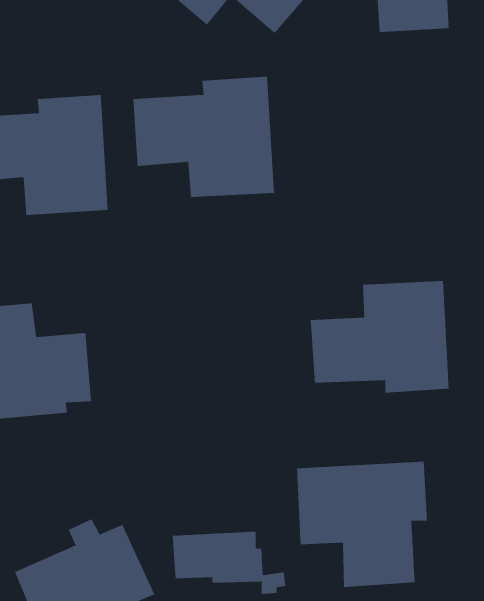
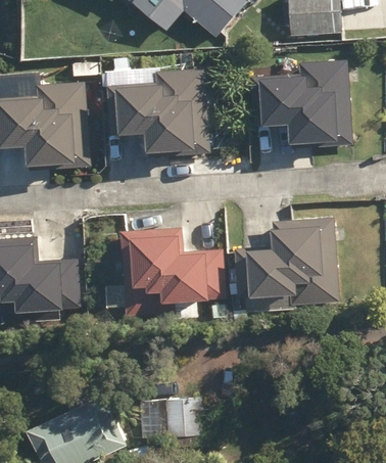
building: none -> [254,59,353,146]
building: none -> [123,224,226,310]
building: [296,461,427,588] -> none

